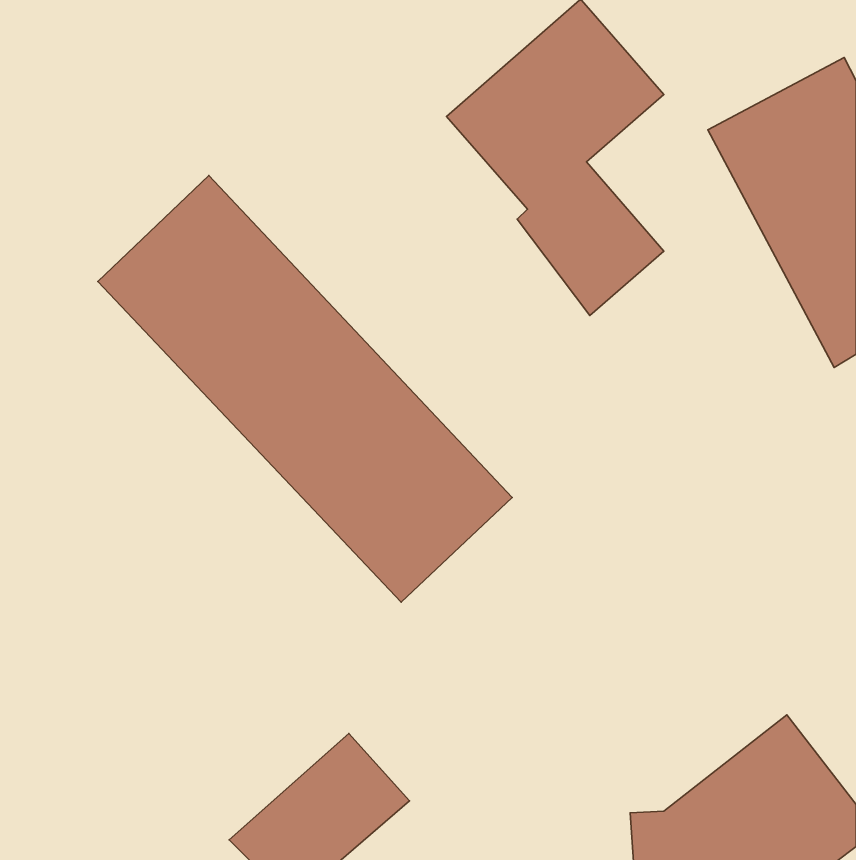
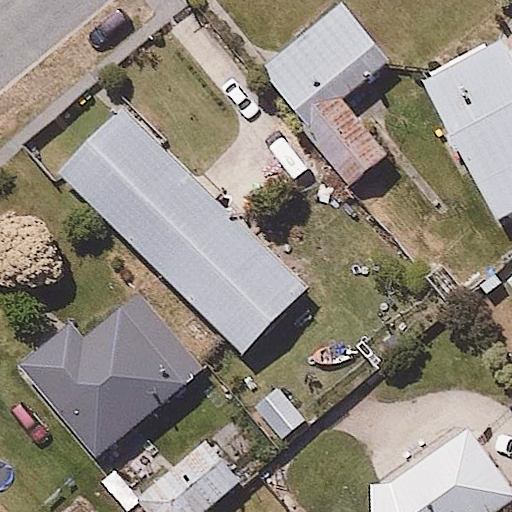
building: none -> [12,289,207,459]

